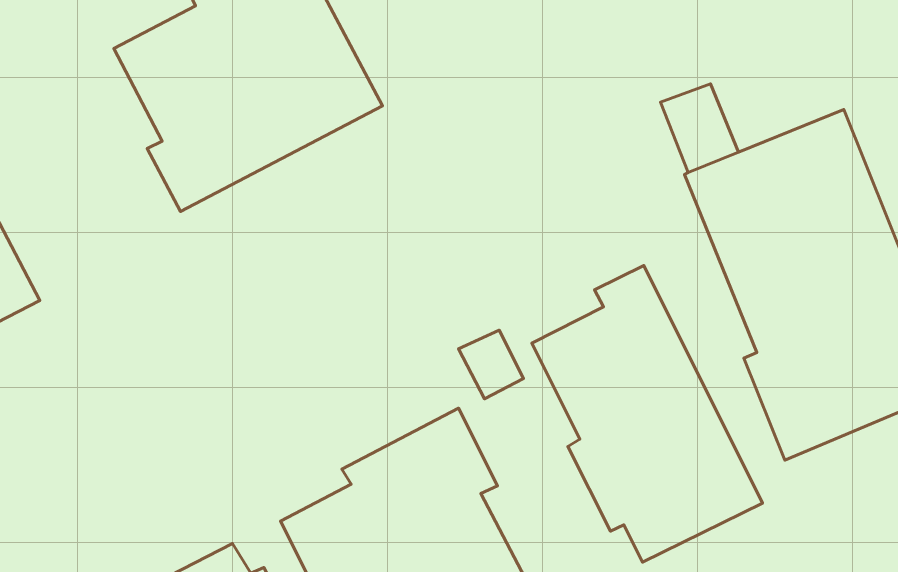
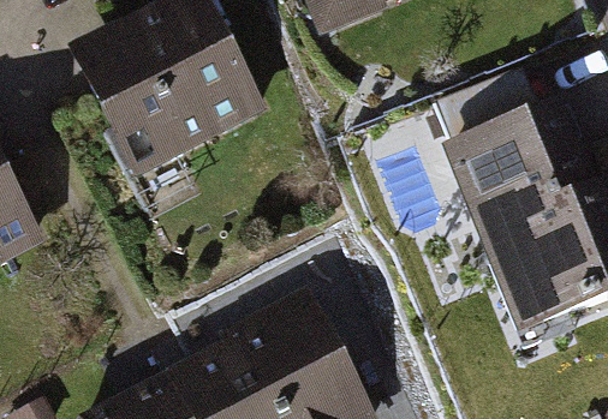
building: [532,266,763,562] -> none

